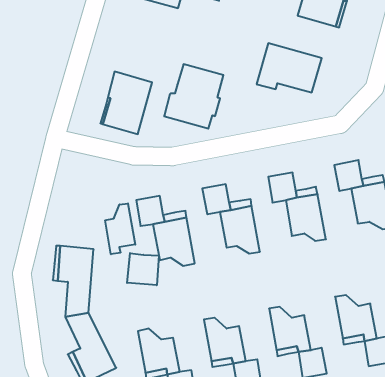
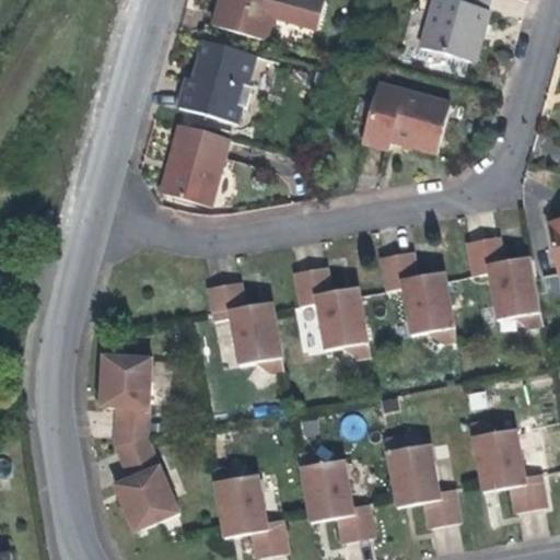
building: [164,64,223,129] -> [178,39,256,124]
building: [105,203,135,254] -> none
building: [127,253,159,285] -> none

